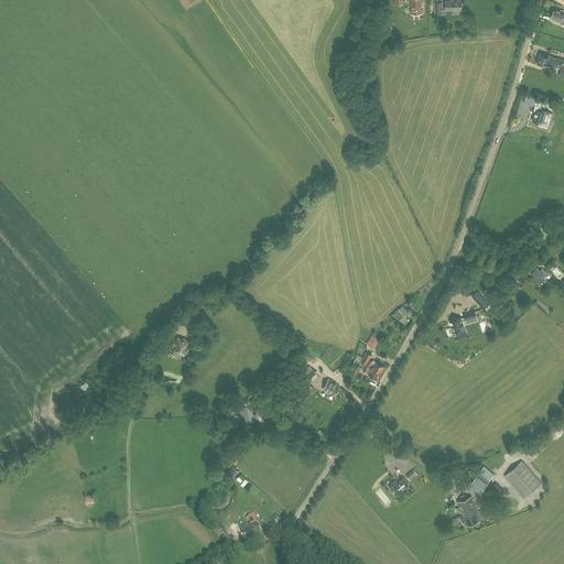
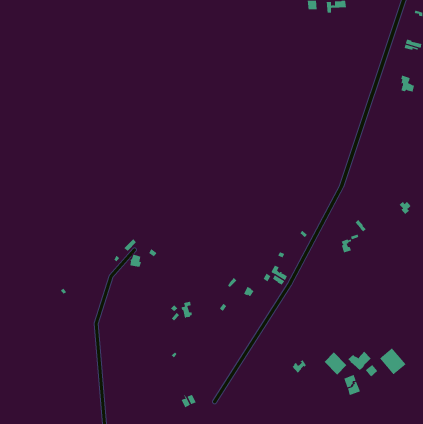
building: none -> [324,351,347,376]

